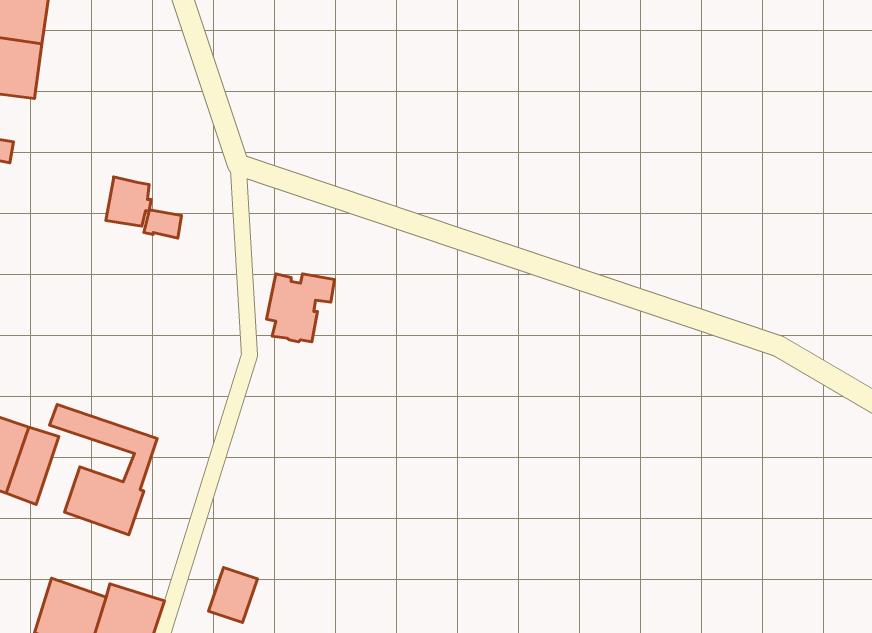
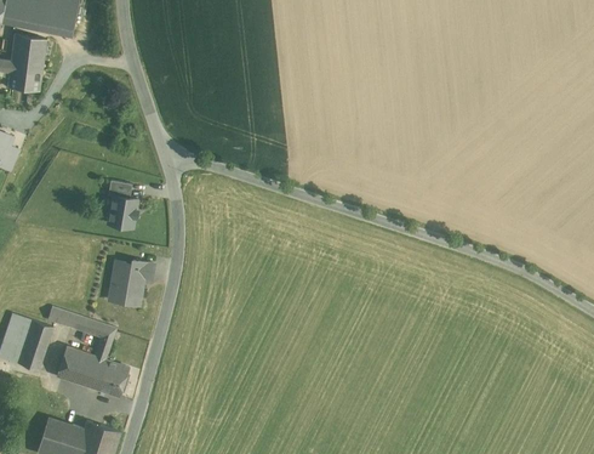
building: [106,177,151,226] -> [108,195,137,227]
building: [267,274,334,342] -> [109,261,153,305]
building: [209,568,258,622] -> [97,362,128,397]

